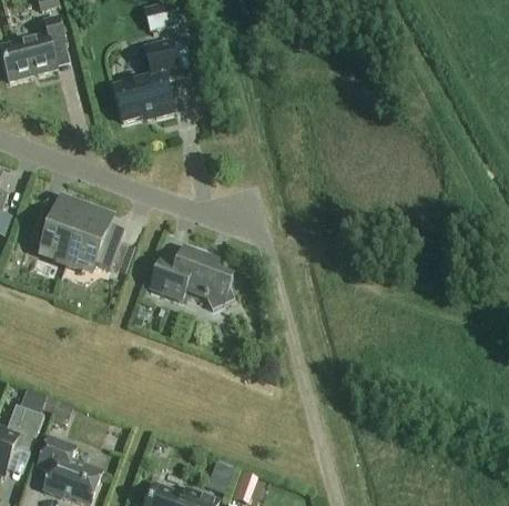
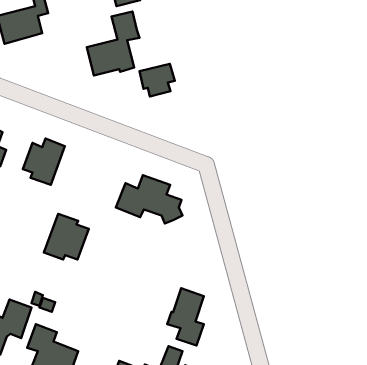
building: none -> [139,64,175,96]
building: [68,210,124,267] -> [44,214,89,260]
building: none -> [167,288,204,345]

